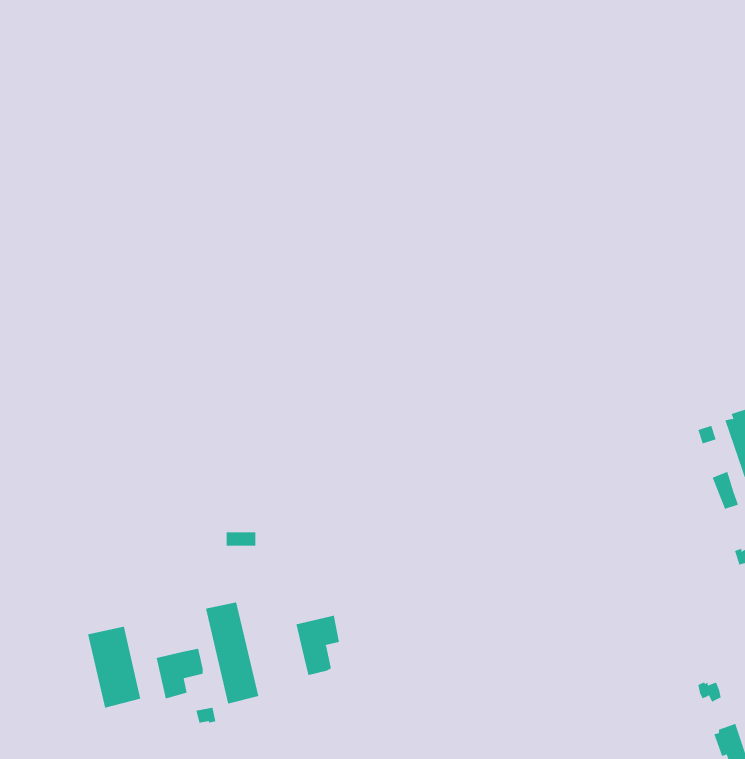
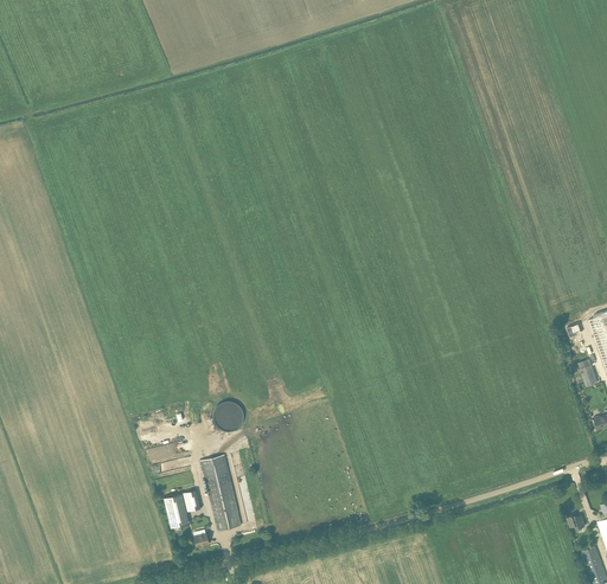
building: [296,615,340,676] -> none
building: [88,626,141,708] -> none

